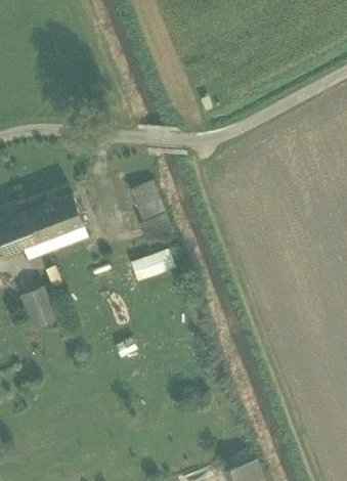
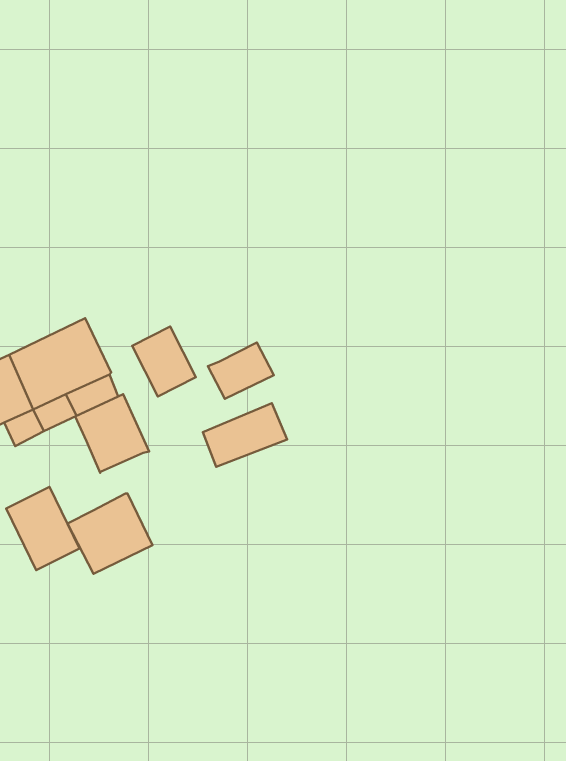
building: [130,183,164,221] -> [132,326,196,396]
building: none -> [75,394,149,473]
building: none -> [67,494,153,574]

